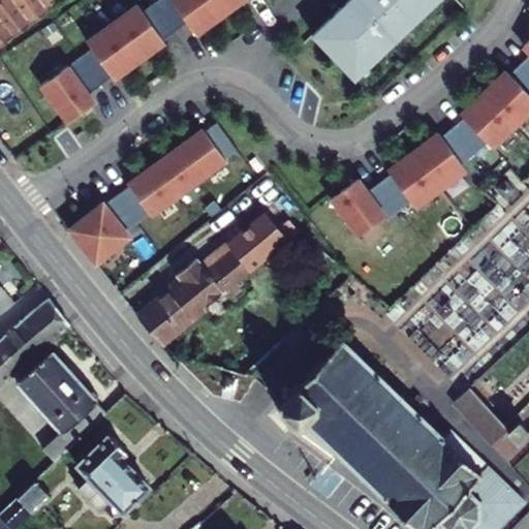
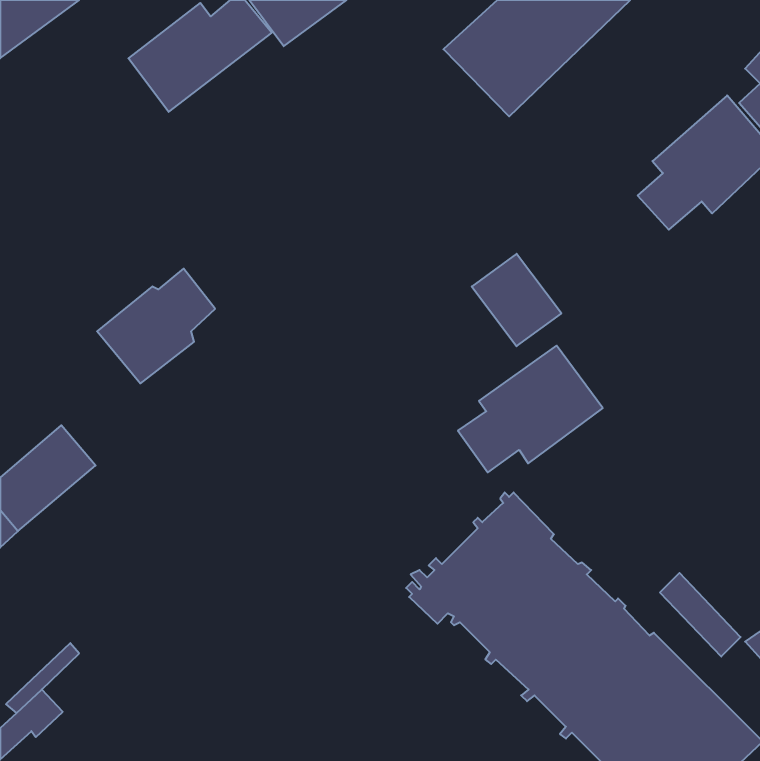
building: [42,45,117,120] -> none
building: [131,122,241,219] -> none
building: [370,130,470,218] -> [458,346,603,472]
building: [133,191,298,339] -> none
building: [13,347,103,435] -> none
building: [70,429,144,506] -> none

